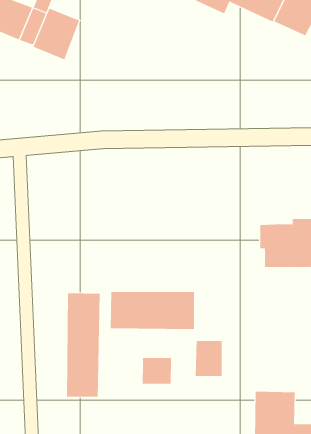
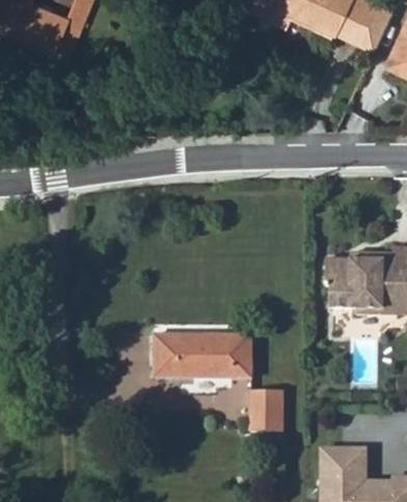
building: [33,8,80,60] -> none
building: [66,292,100,397] -> none
building: [142,357,171,385] -> none

